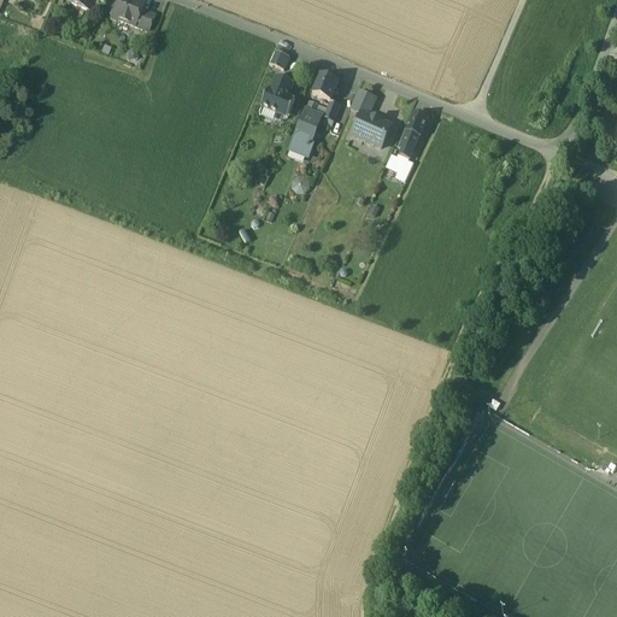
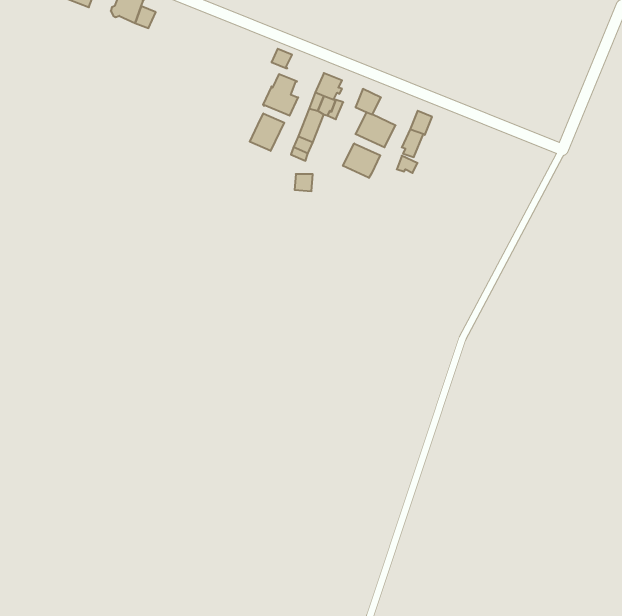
building: none -> [250,113,284,151]
building: none -> [343,143,380,178]

